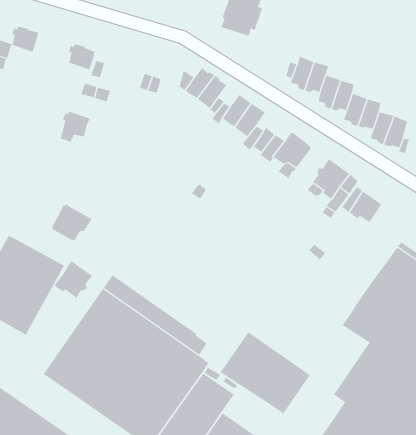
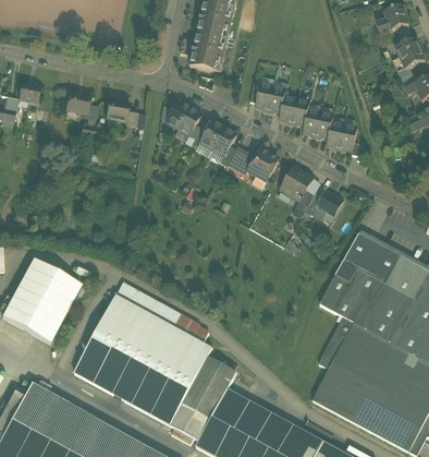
building: [60,111,91,142] -> [106,100,130,127]
building: [52,204,92,241] -> none
building: [54,260,93,301] -> none
building: [220,332,311,414] -> none

